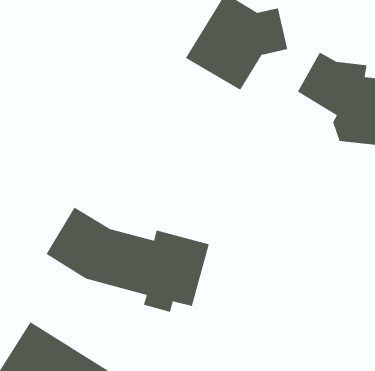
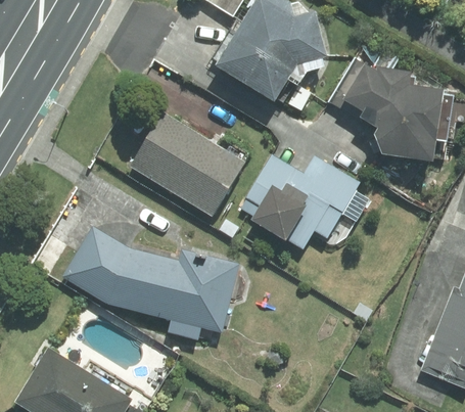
building: none -> [129,110,245,215]
building: none -> [243,156,361,249]

